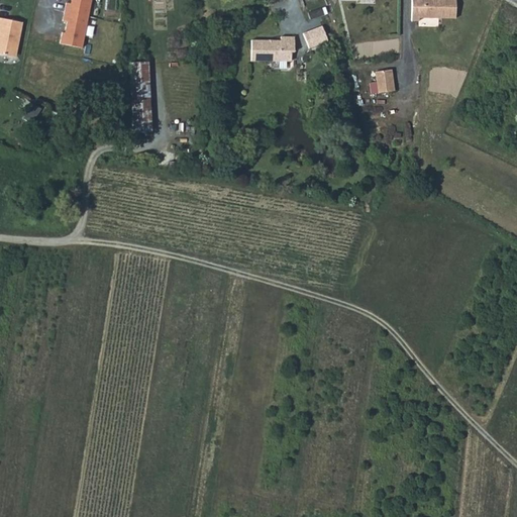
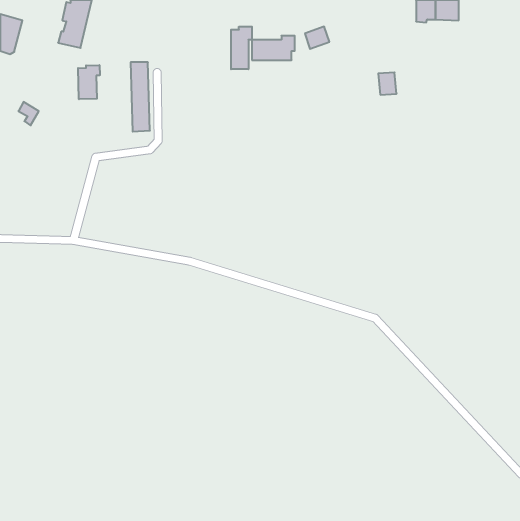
building: none -> [231,27,252,69]
building: none -> [78,65,100,99]

